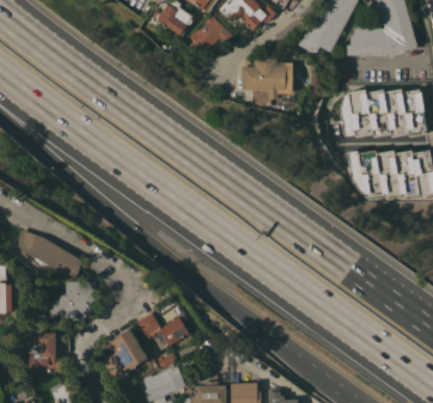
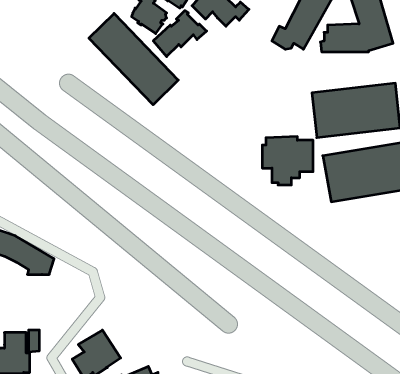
building: none -> [89,13,178,105]
building: [242,59,292,106] -> [262,137,313,185]
building: [49,281,97,320] -> none
building: [136,304,189,349] -> none

